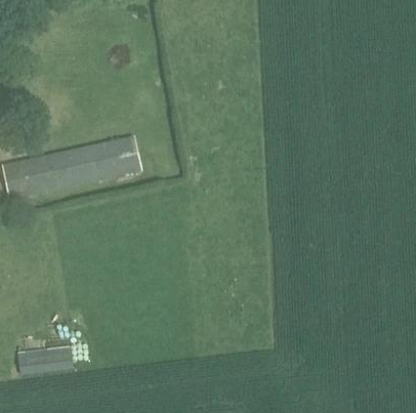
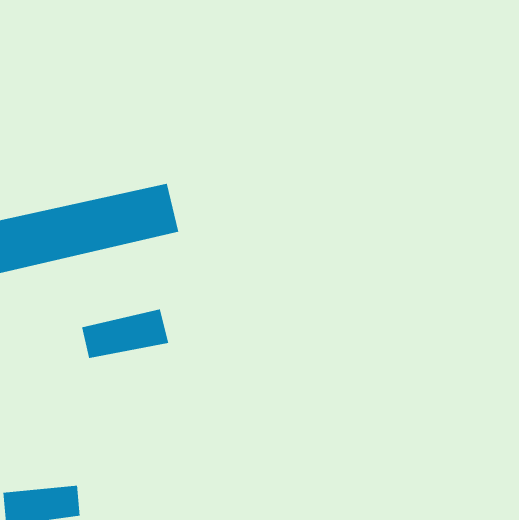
building: none -> [81,309,169,359]

